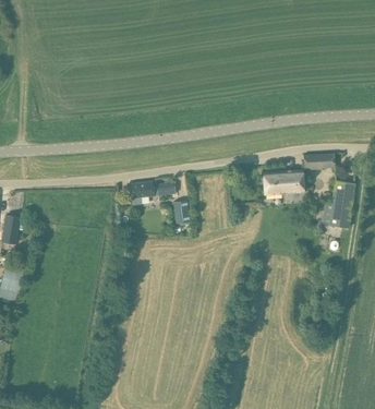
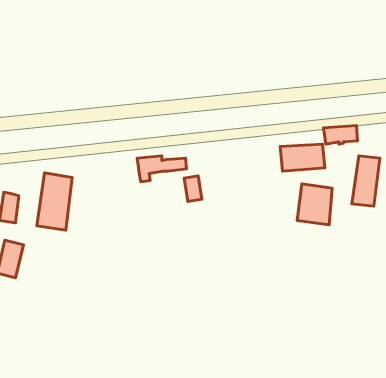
building: none -> [37,173,72,230]
building: none -> [297,184,332,225]

